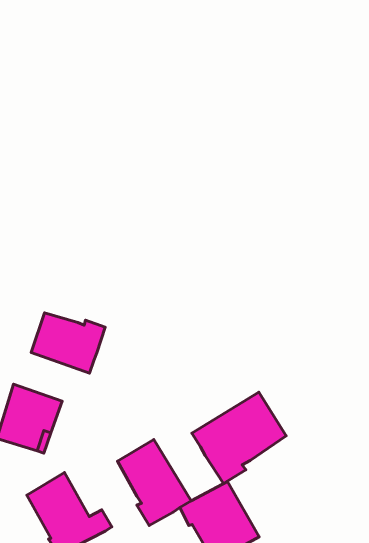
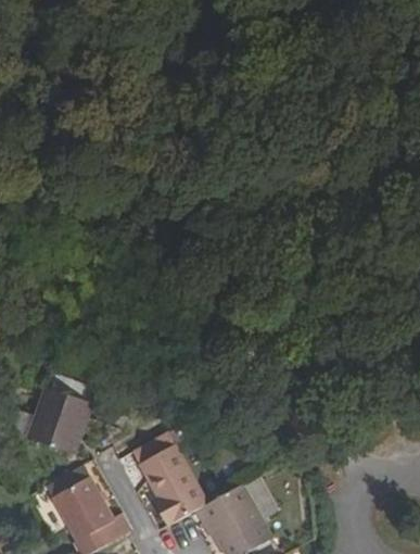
building: [31,313,105,373] -> none
building: [192,392,286,484] -> none

